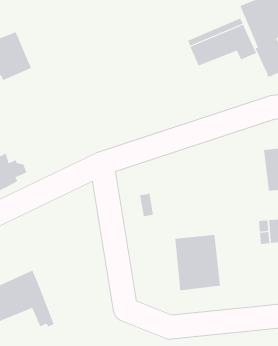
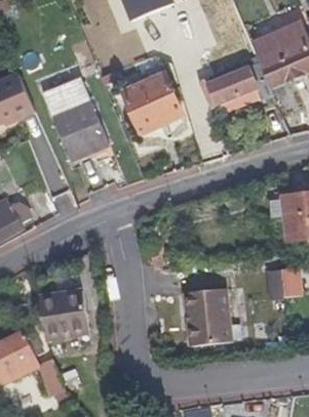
building: none -> [125,76,184,132]
building: none -> [46,80,112,162]
building: none -> [38,285,87,335]

